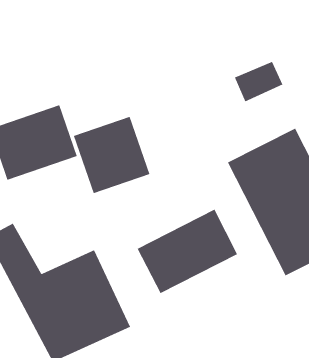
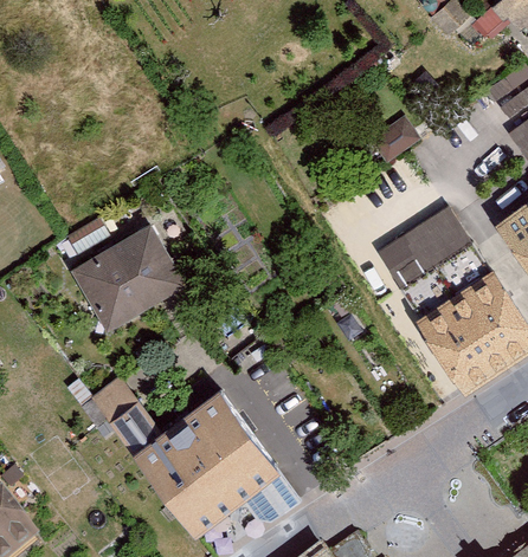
building: [73,116,150,194] -> none
building: [137,208,238,294] -> none

